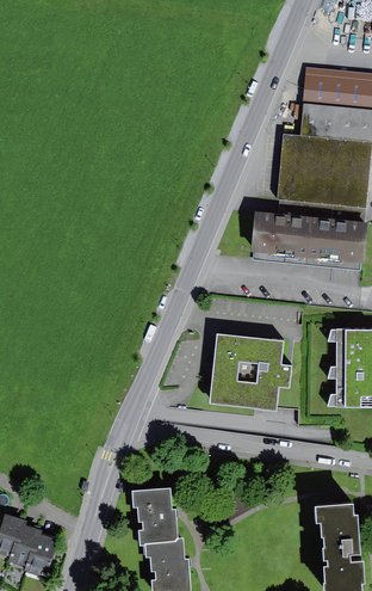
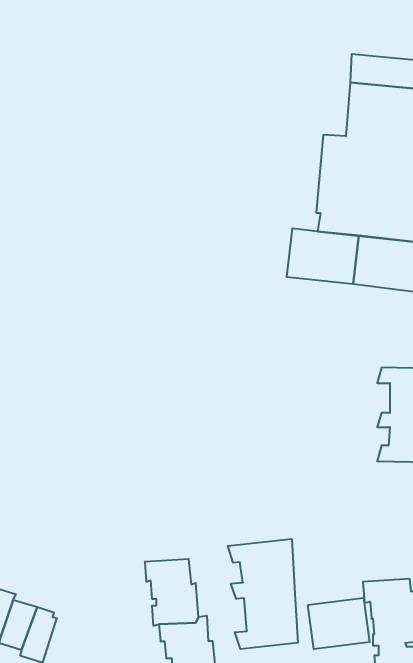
building: [209,334,292,412] -> none
building: none -> [228,539,298,649]
building: none -> [308,598,370,649]

